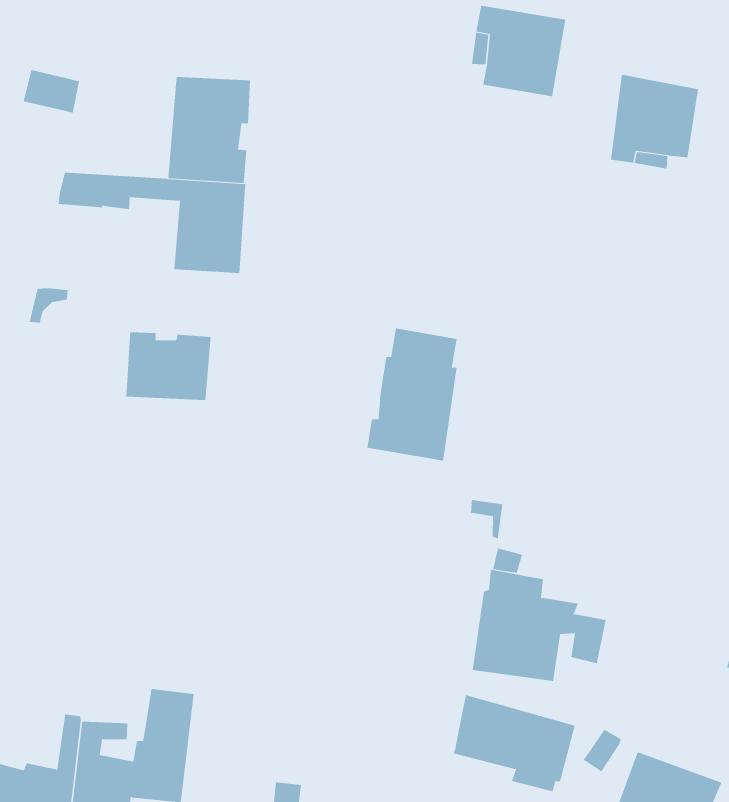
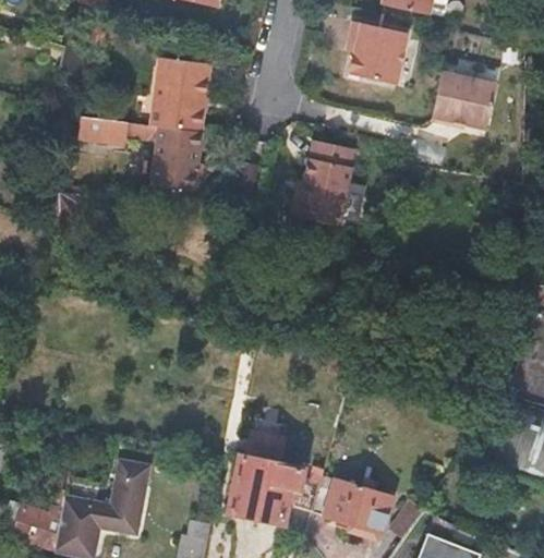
building: [366,328,458,461] -> [290,137,354,227]
building: [126,331,211,401] -> none
building: [472,569,606,682] -> [230,445,321,521]

